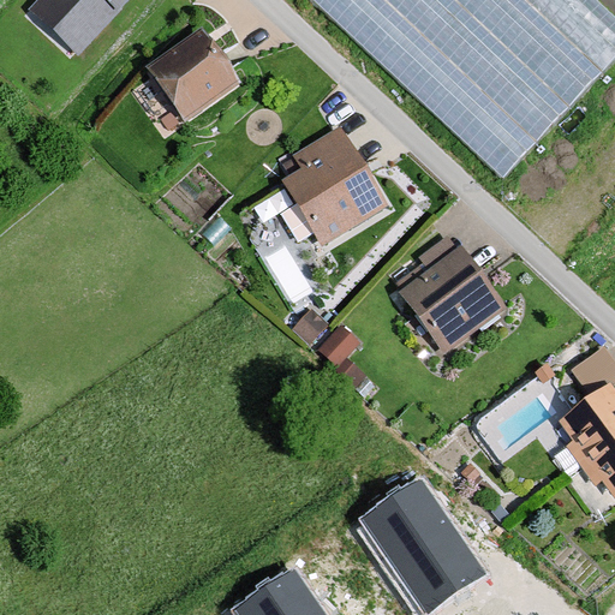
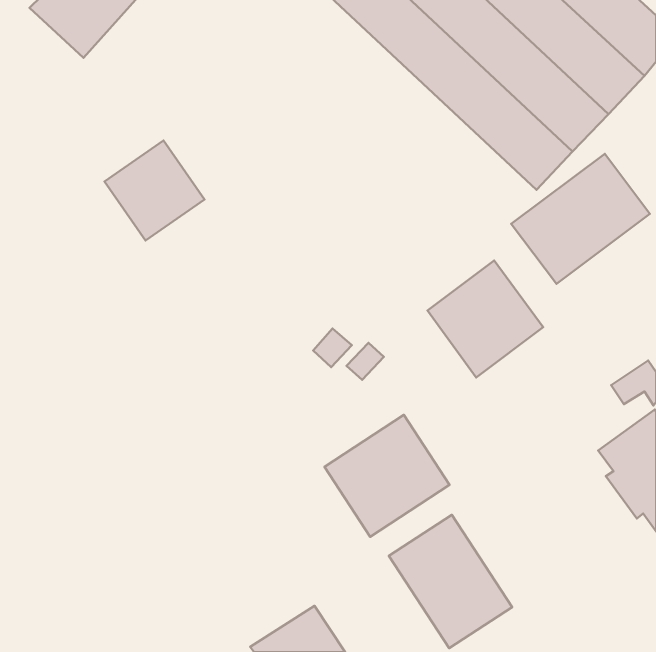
building: [147,26,240,120] -> [104,140,205,241]
building: [282,124,389,244] -> none
building: none -> [511,154,650,284]
building: none -> [324,415,450,537]

